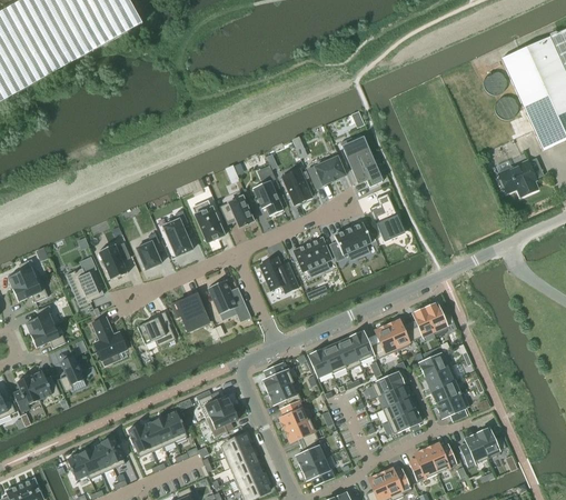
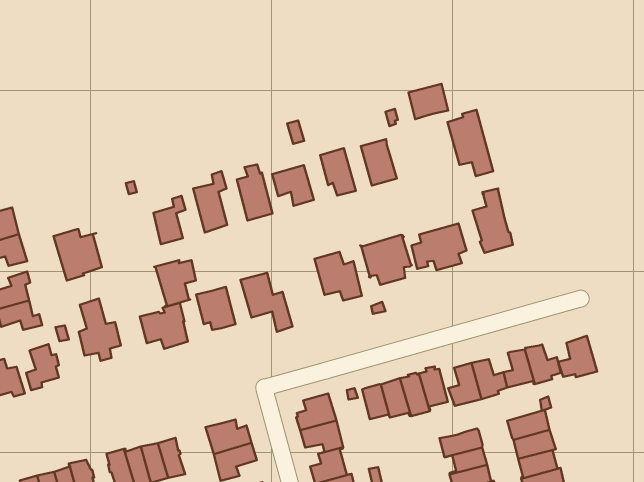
building: [314,156,345,184] -> [408,84,448,119]
building: [97,242,129,279] -> [154,260,196,307]
building: none -> [558,336,597,377]

